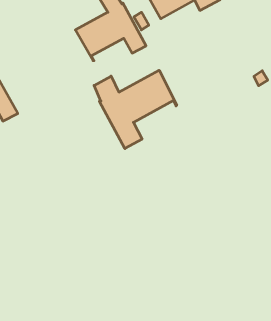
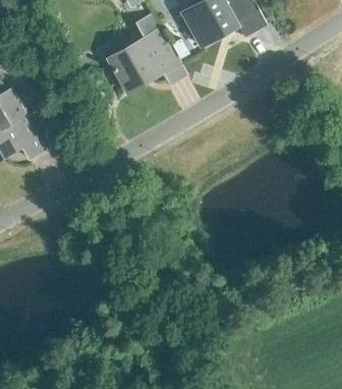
building: [94,70,177,149] -> none

